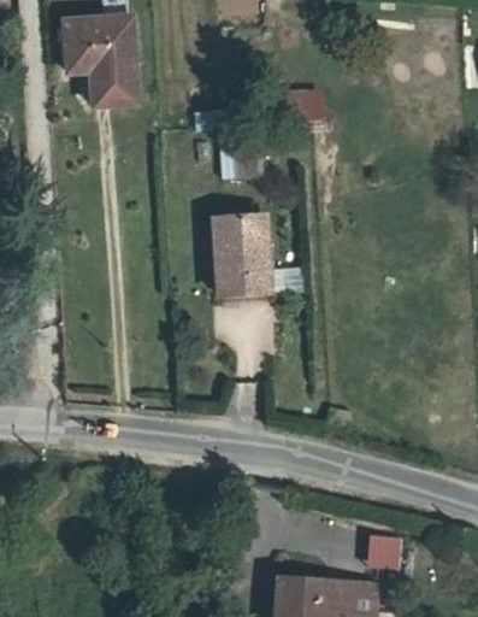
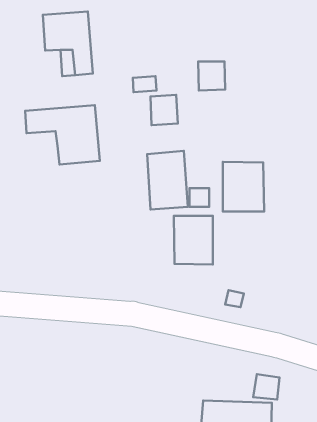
building: none -> [25,105,100,165]
building: none -> [223,162,264,212]
building: none -> [174,216,213,264]

